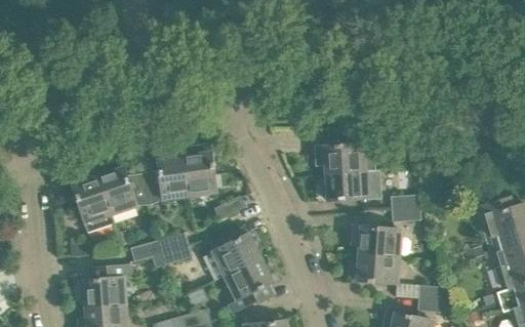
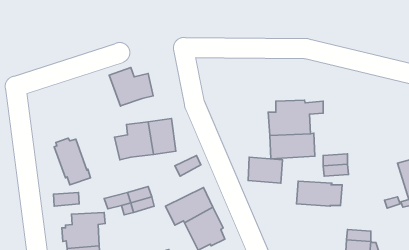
building: [96,167,149,213] -> [109,67,153,106]
building: [358,253,399,284] -> [248,157,283,183]

